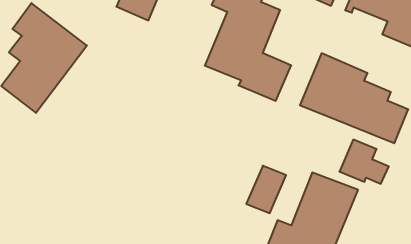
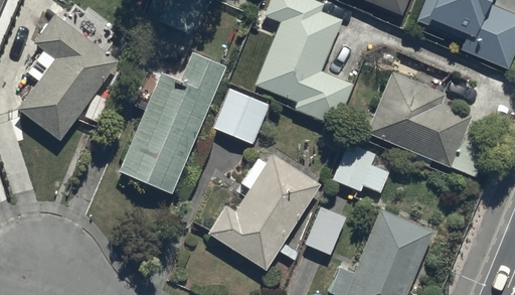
building: none -> [120,51,225,193]
building: none -> [212,88,270,144]
building: none -> [207,152,321,270]
building: [339,140,389,184] -> [332,141,389,192]

